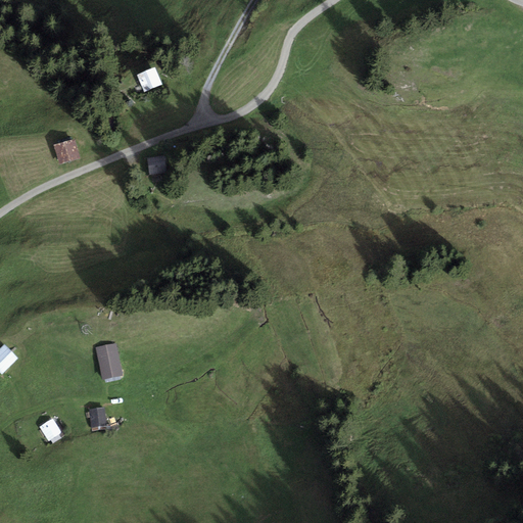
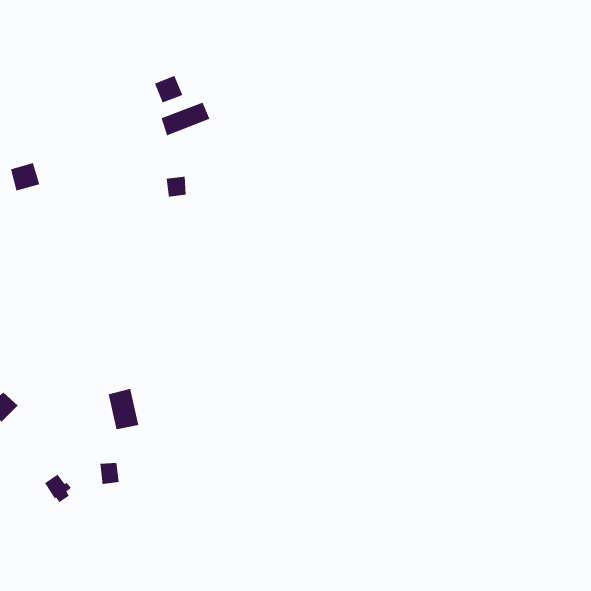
building: none -> [161,102,210,136]
building: [53,138,80,163] -> [10,162,40,191]

